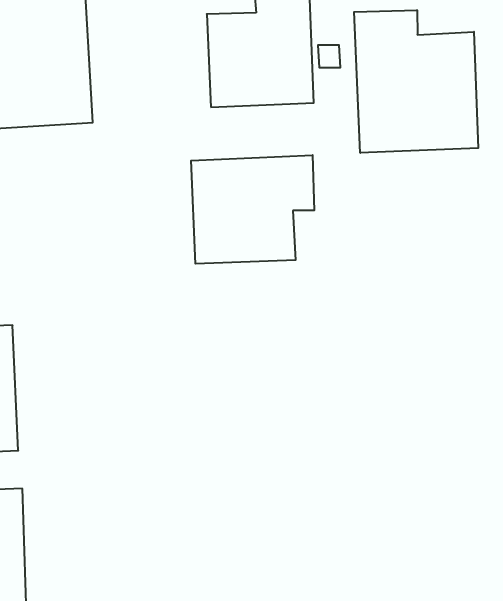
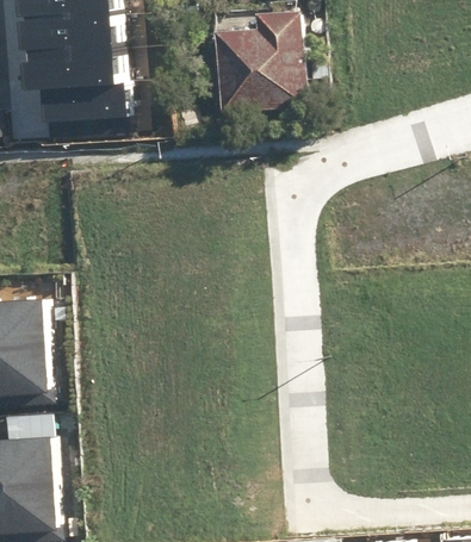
building: [354,10,478,153] -> none
building: [191,155,314,264] -> none

